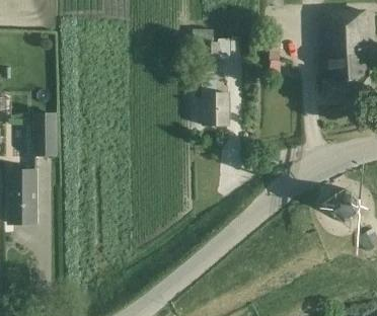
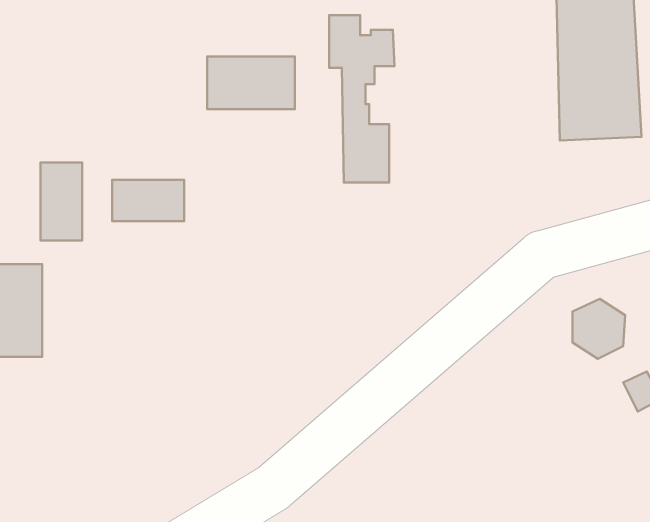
building: none -> [207,57,295,109]
building: none -> [112,180,184,221]

